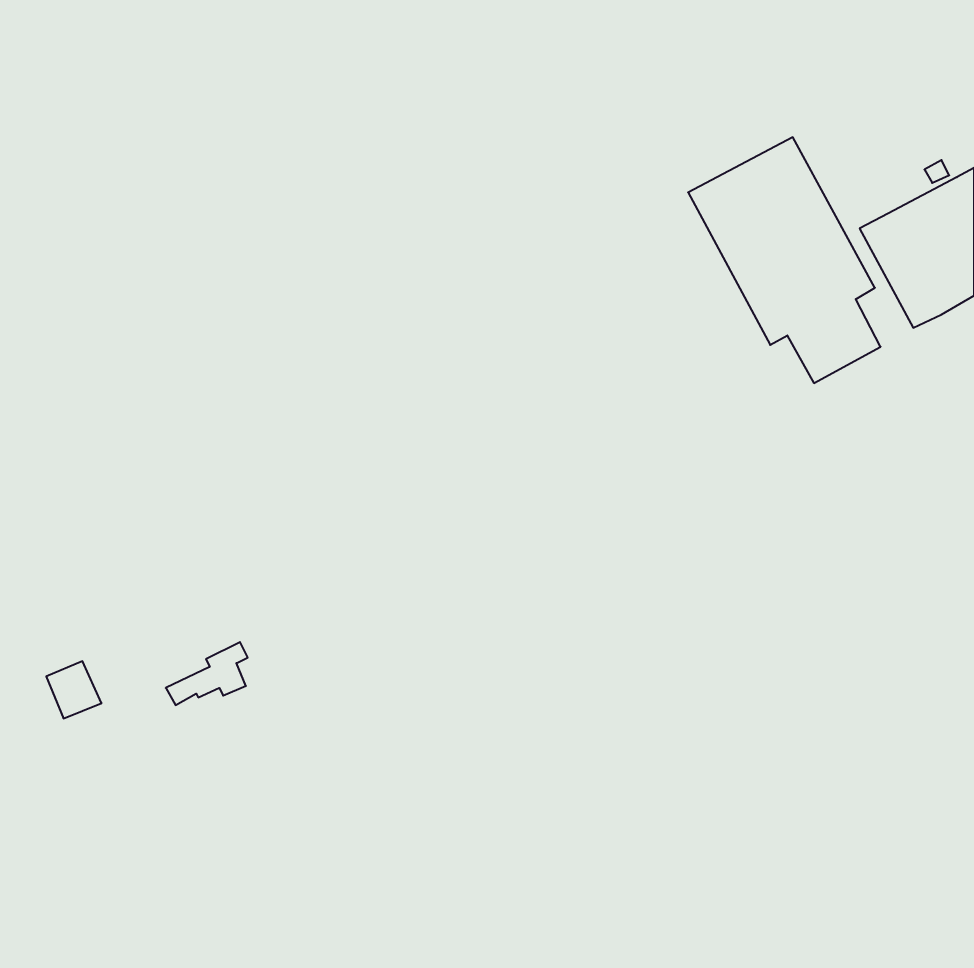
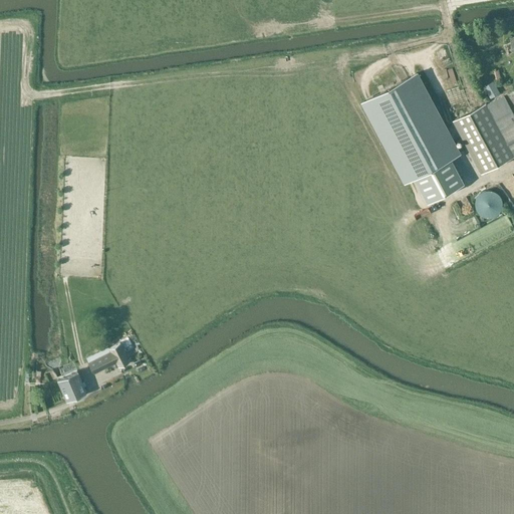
building: none -> [476,193,503,220]
building: [46,661,102,718] -> [57,373,86,404]

